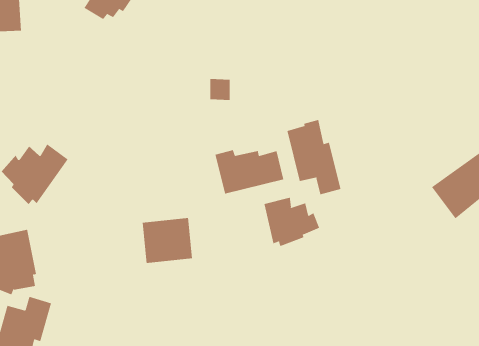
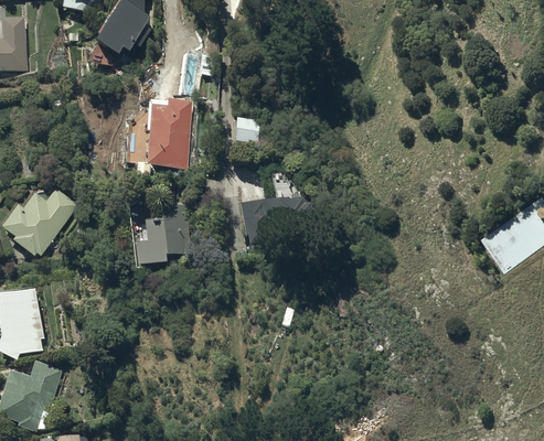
building: none -> [146,98,190,165]
building: [287,119,341,195] -> none
building: [264,197,320,247] -> none
building: [142,218,193,263] -> [132,212,189,262]

